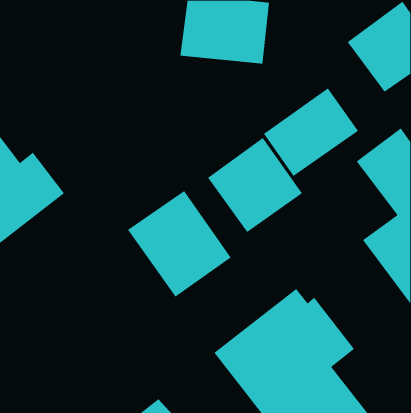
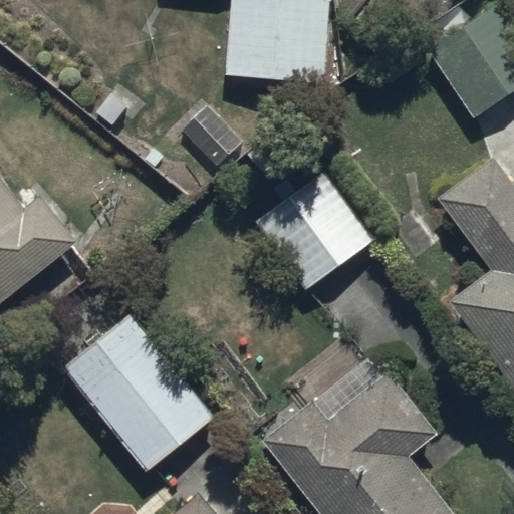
building: [263,88,359,177] -> none
building: [127,190,231,297] -> none
building: none -> [60,312,213,472]

